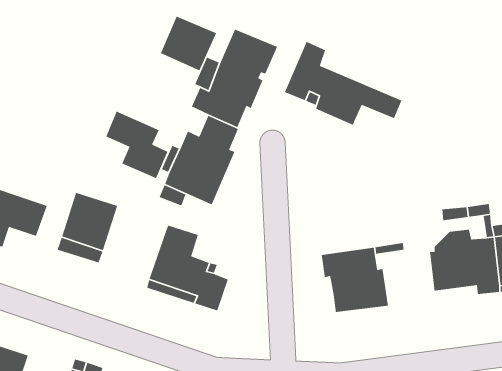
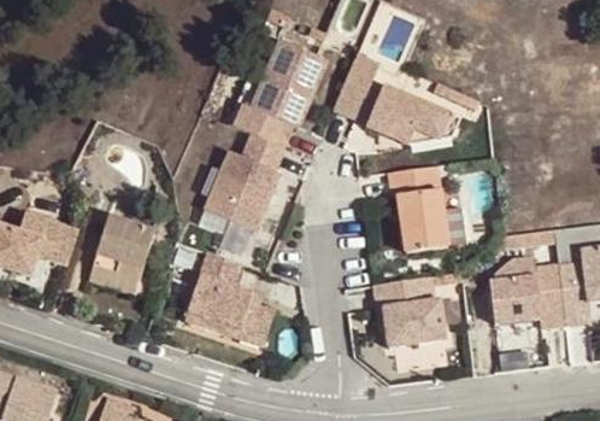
building: [160,16,217,71] -> none
building: [105,110,169,179] -> none
building: none -> [388,164,448,251]

